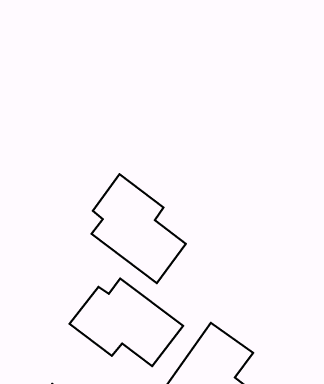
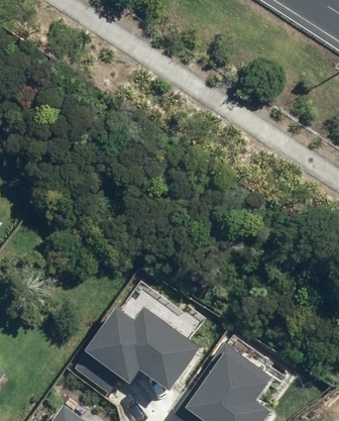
building: [92,174,186,283] -> none

